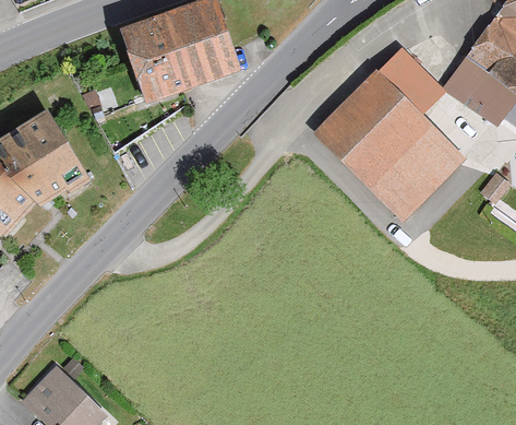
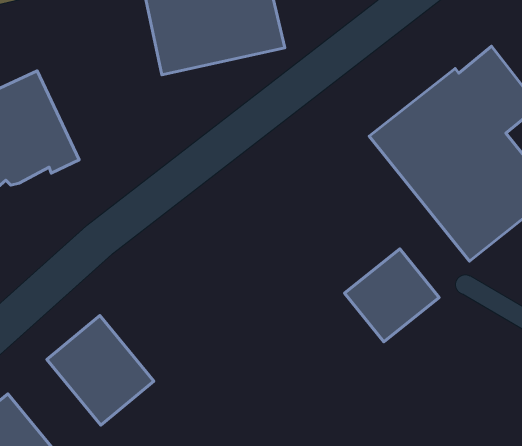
building: none -> [344,249,439,342]
building: none -> [47,315,154,425]

